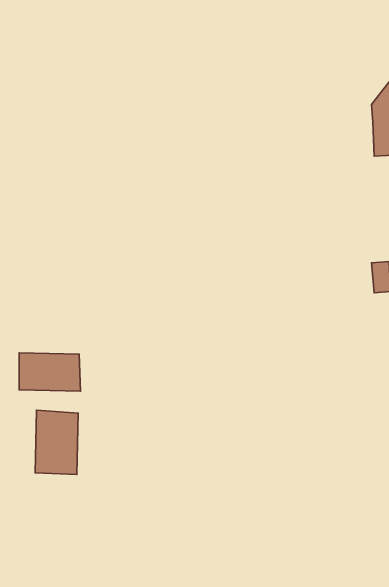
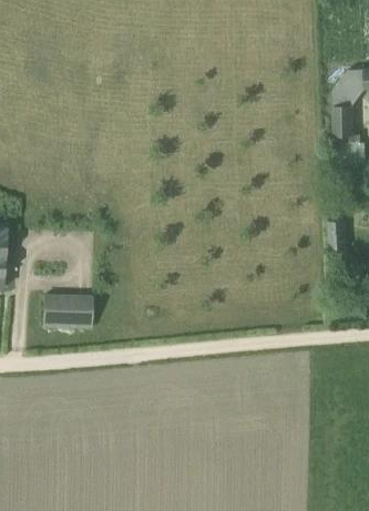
building: [35,410,78,475] -> none

